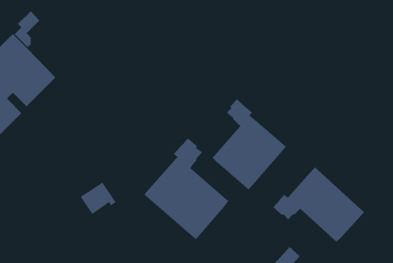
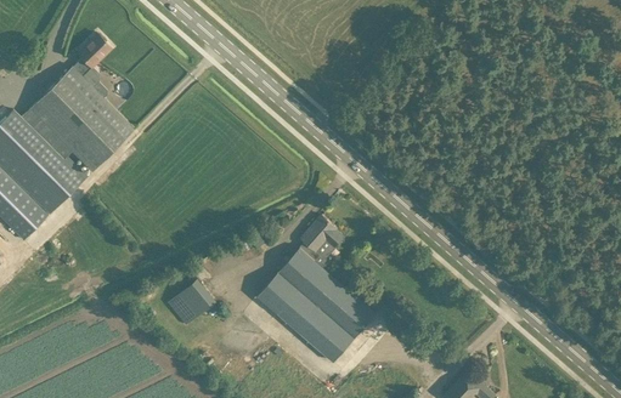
building: [212,99,287,191] -> none
building: [273,167,365,243] -> none

